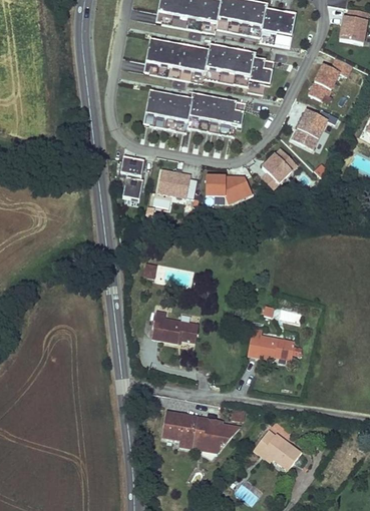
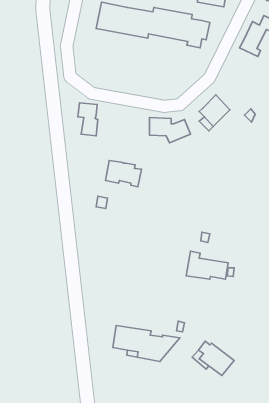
building: [143,90,245,135] -> none
building: [288,105,323,144] -> none
building: [156,169,198,199] -> [106,161,141,187]
building: [151,311,199,343] -> none

